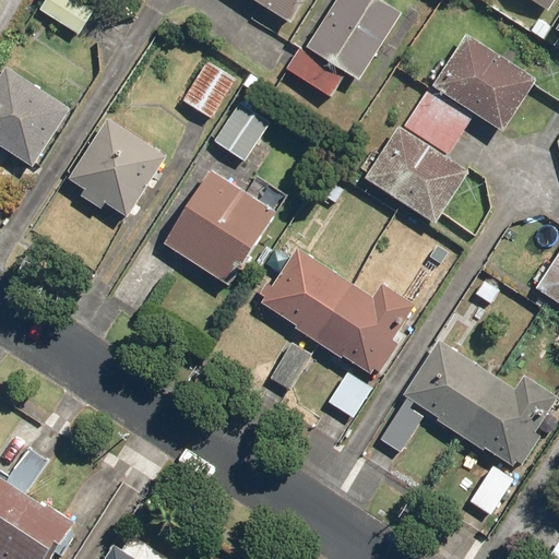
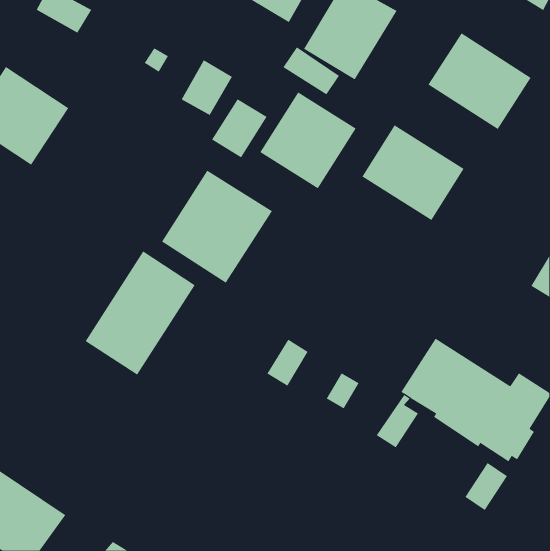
building: [403,86,472,153] -> none
building: none -> [260,92,356,189]
building: [68,119,166,217] -> none
building: [259,249,415,373] -> none
building: none -> [85,251,196,376]

